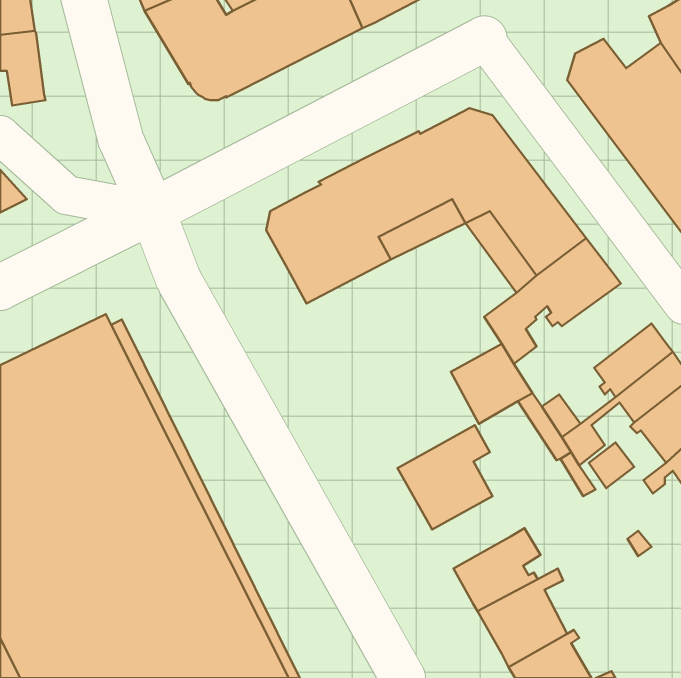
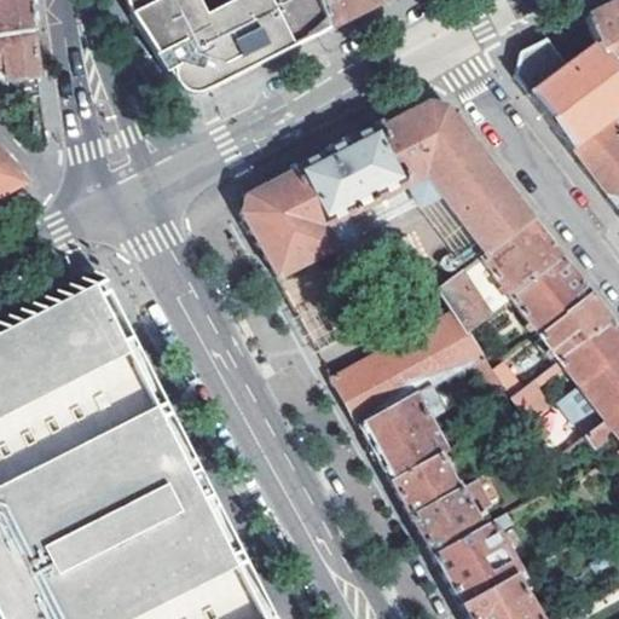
building: none -> [510,256,591,332]
building: none -> [336,336,435,423]
building: none -> [393,446,464,514]

